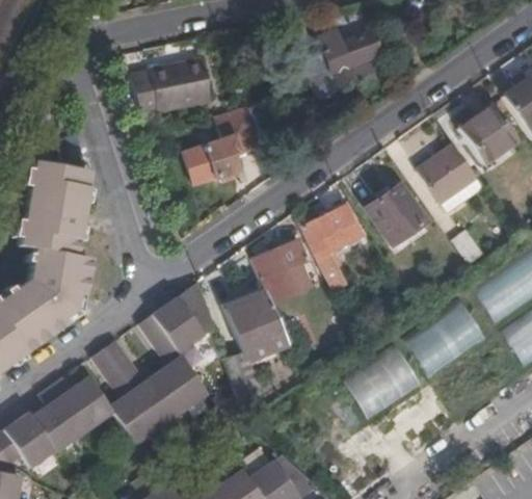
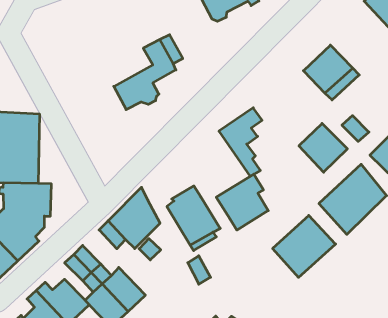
building: [130,59,208,116] -> none
building: [458,105,517,164] -> none
building: [366,186,424,245] -> [299,123,347,172]
building: [249,239,310,304] -> [216,174,268,230]
building: [156,357,207,412] -> none

